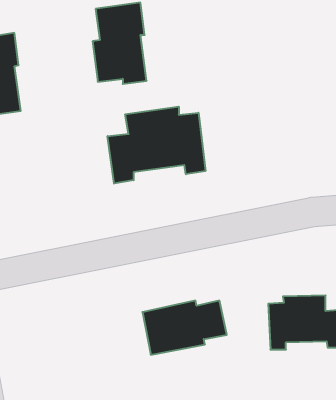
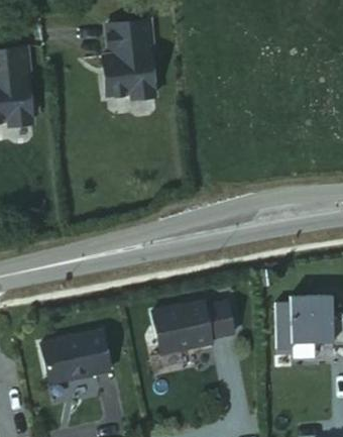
building: [108,107,205,184] -> none
building: none -> [40,332,110,384]

